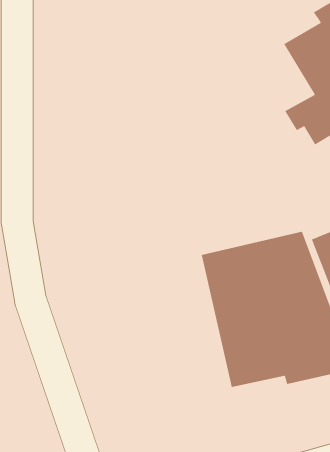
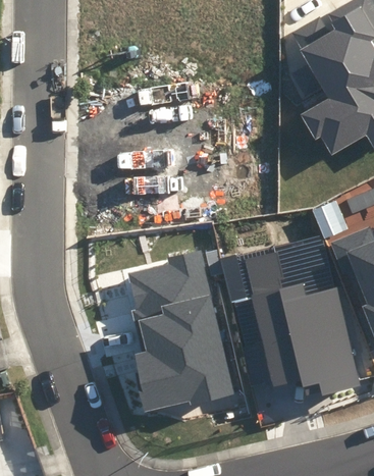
building: none -> [129,250,232,411]

